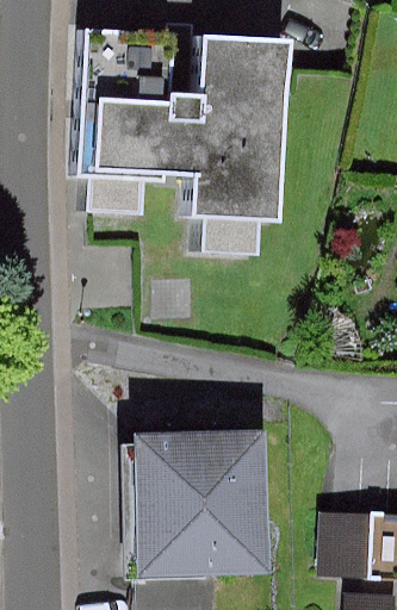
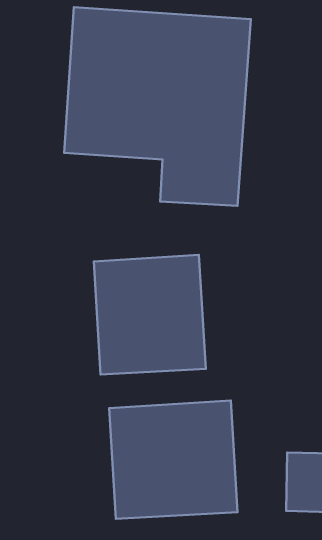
building: none -> [94,255,206,375]

